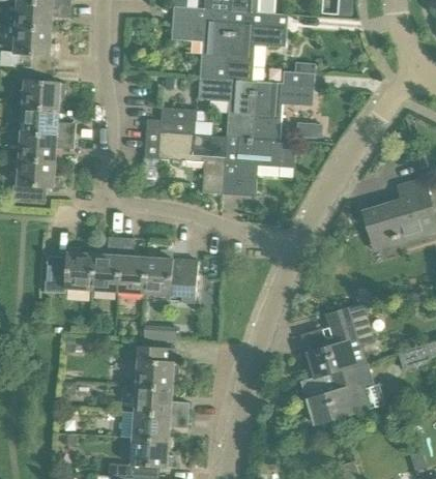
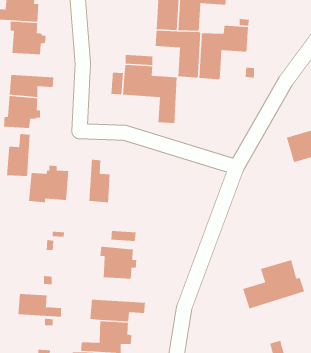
building: [20,107,75,136] -> none
building: [223,136,295,196] -> none
building: [89,236,119,290] -> [6,133,30,177]
building: [141,251,196,301] -> none
building: [306,302,372,376] -> none
building: [132,384,186,414] -> [17,293,62,317]

